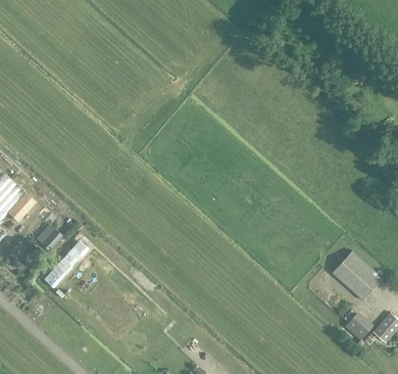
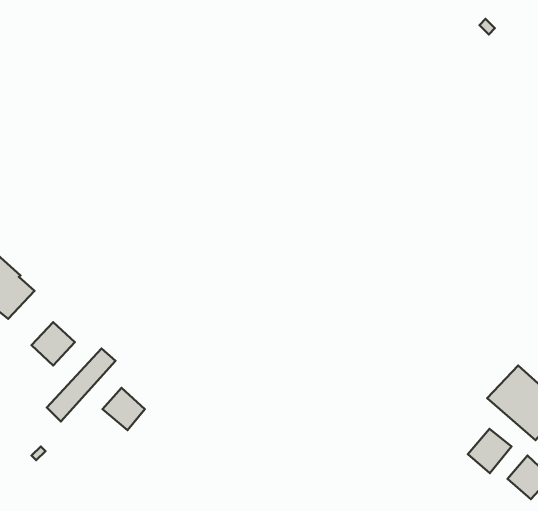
building: none -> [102,388,145,430]
building: none -> [468,429,511,473]

